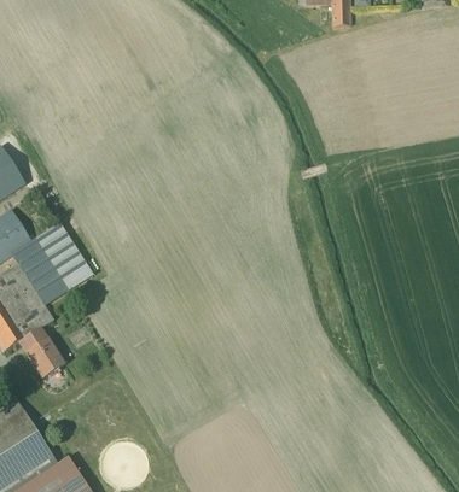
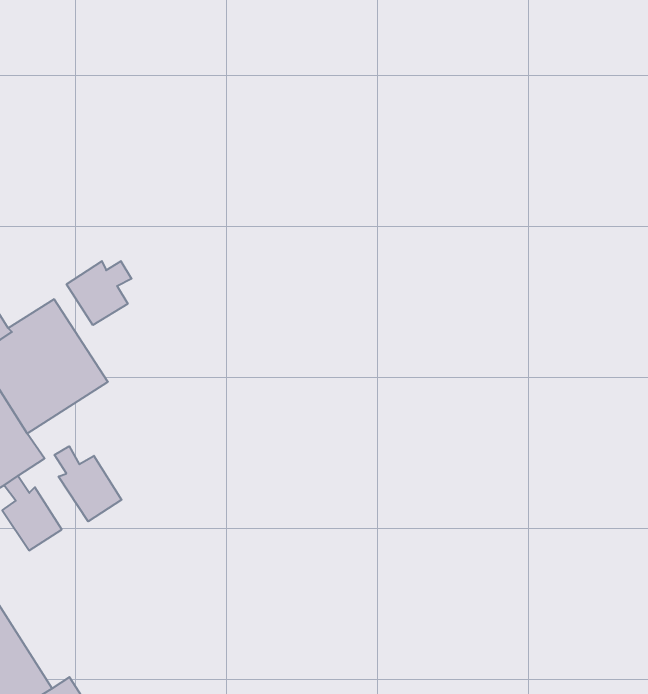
building: none -> [67,261,132,325]
building: none -> [55,446,122,521]

